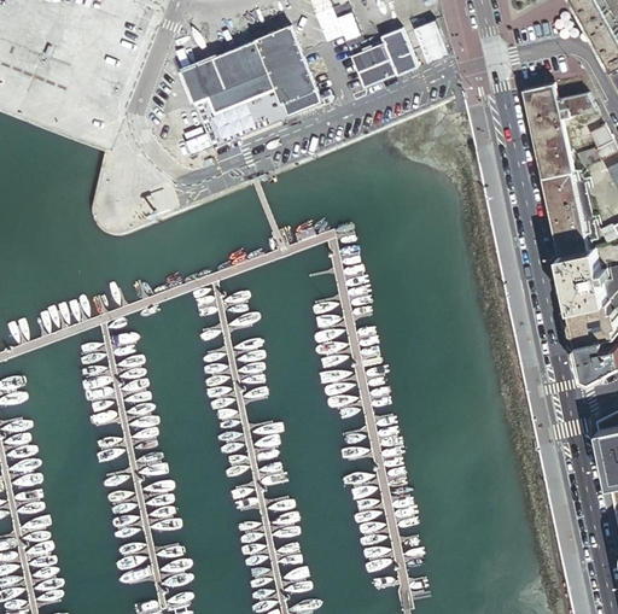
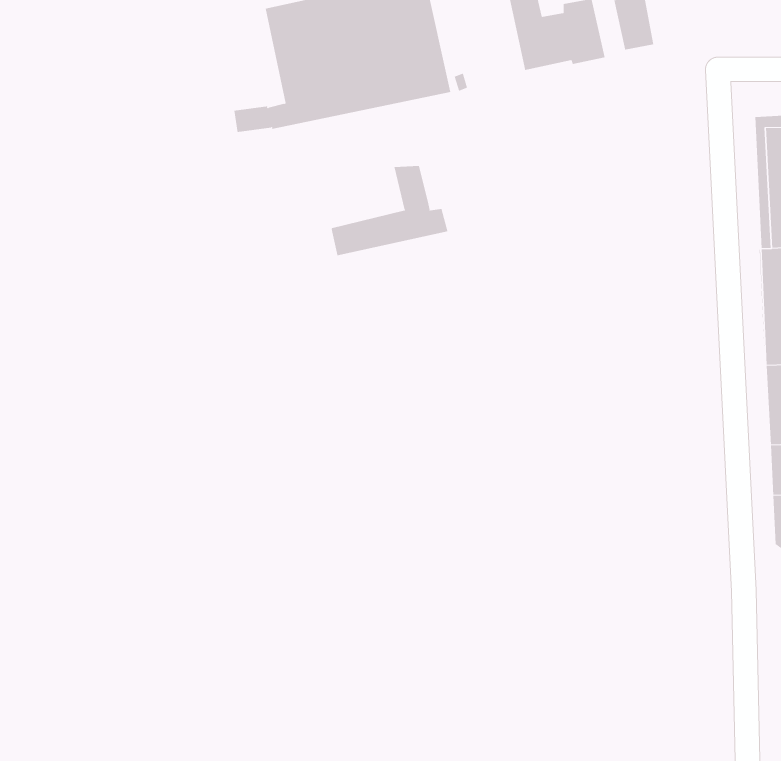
building: none -> [331,165,448,256]

